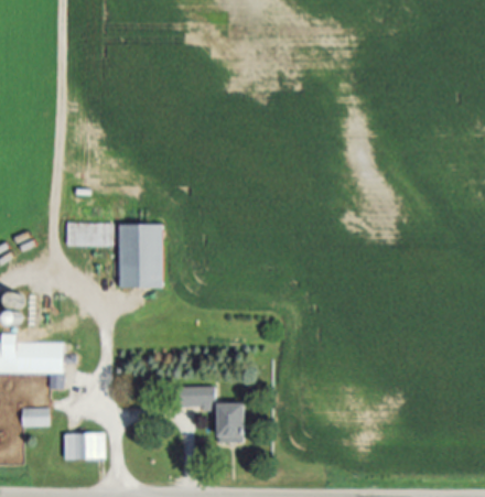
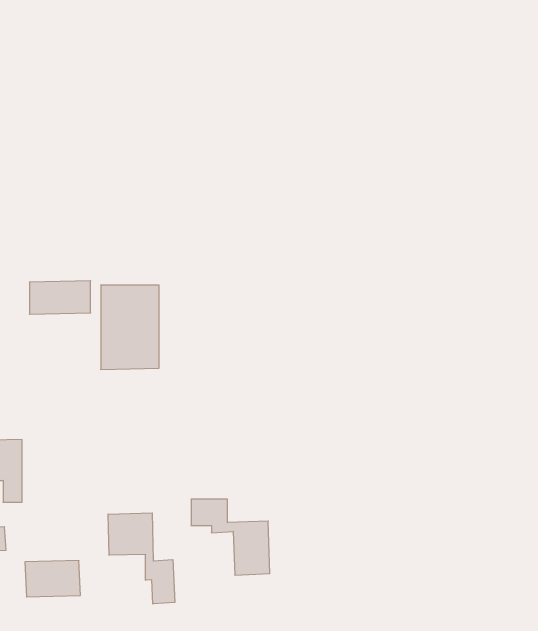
building: none -> [108,513,175,604]

